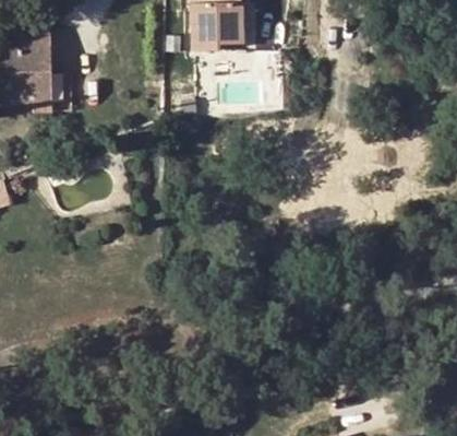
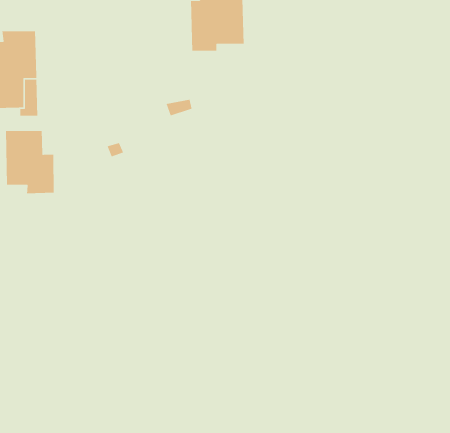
building: none -> [5,130,55,194]

